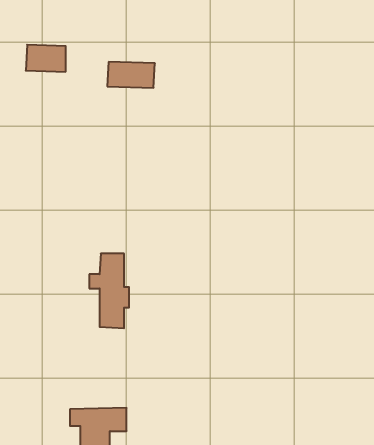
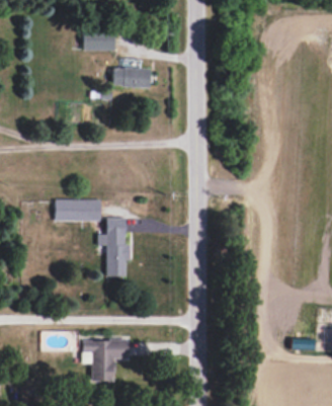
building: [26,45,66,72] -> [84,28,115,50]
building: none -> [56,198,101,221]

